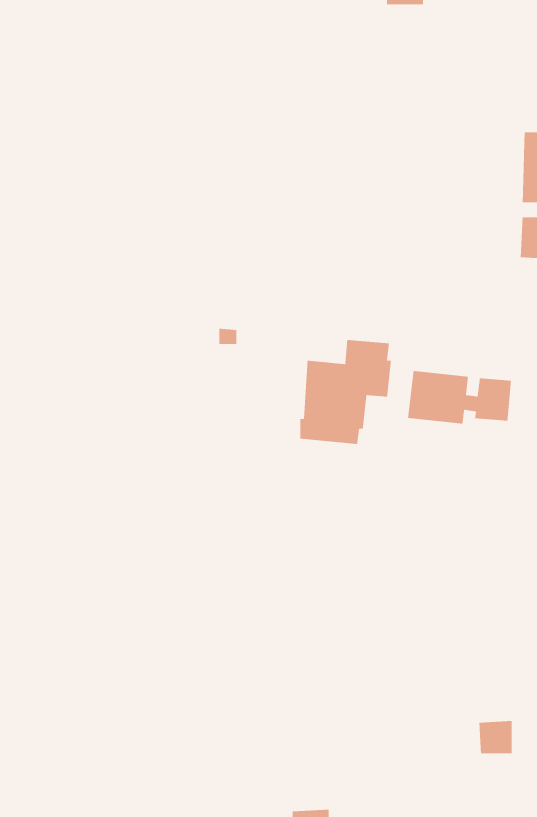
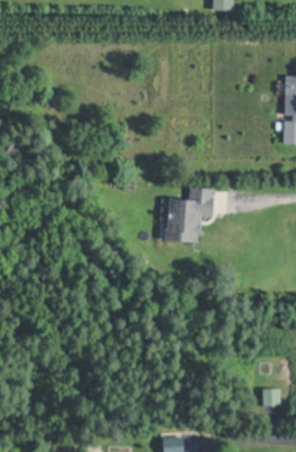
building: [407,370,512,424] -> none

